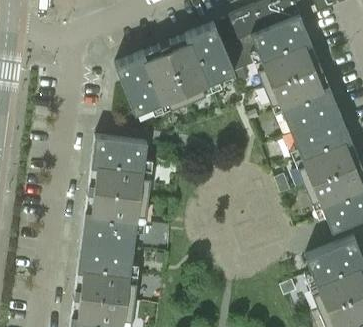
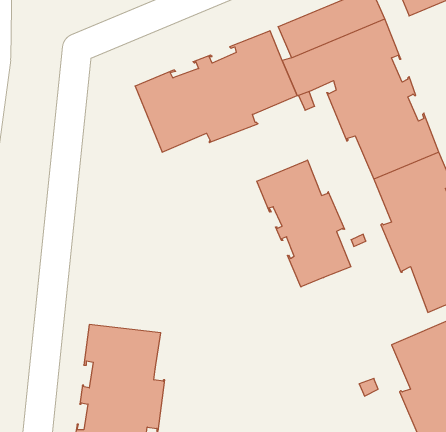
building: none -> [257,160,351,287]
building: [81,135,151,247] -> none

